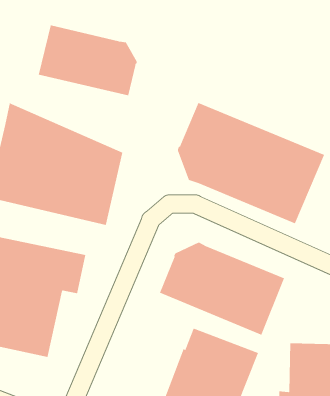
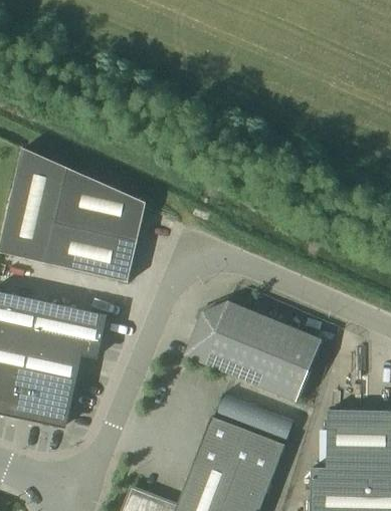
building: [38,25,137,96] -> none
building: [177,102,325,224] -> none

